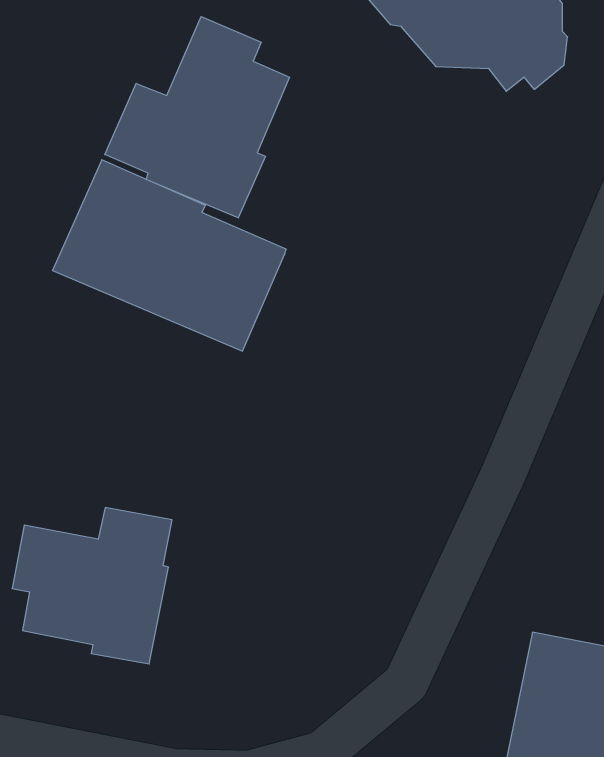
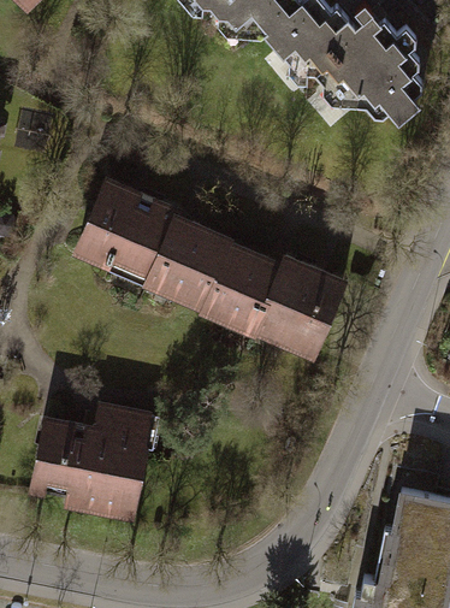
building: [105,17,289,218] -> none
building: none -> [196,237,345,354]

